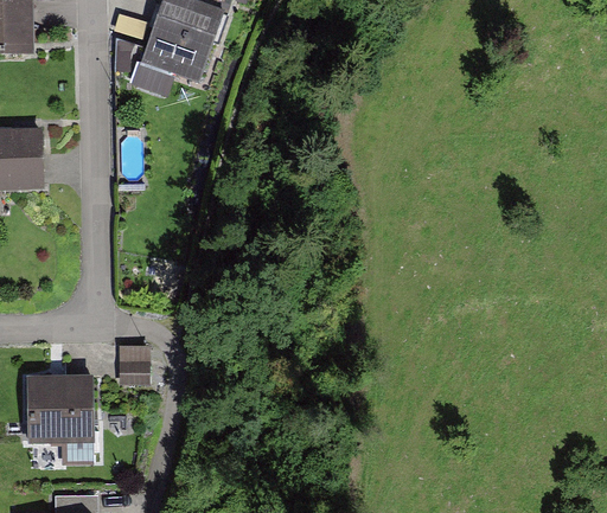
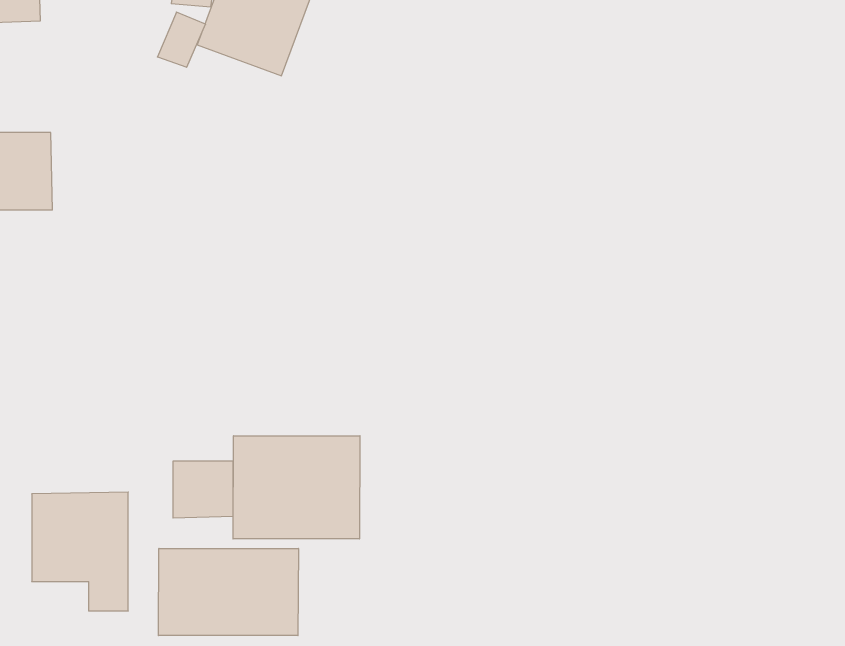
building: none -> [233,436,360,539]
building: none -> [158,548,298,636]

